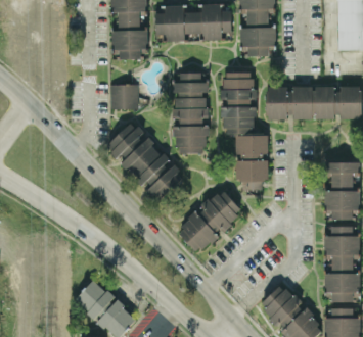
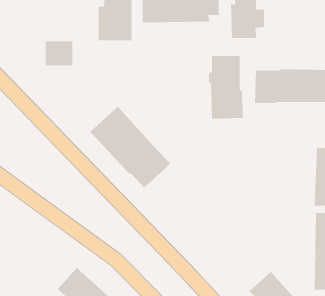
building: [174,73,208,153] -> none
building: [110,85,138,109] -> [45,41,73,66]
building: [235,135,269,190] -> none
building: [177,189,243,254] -> none

